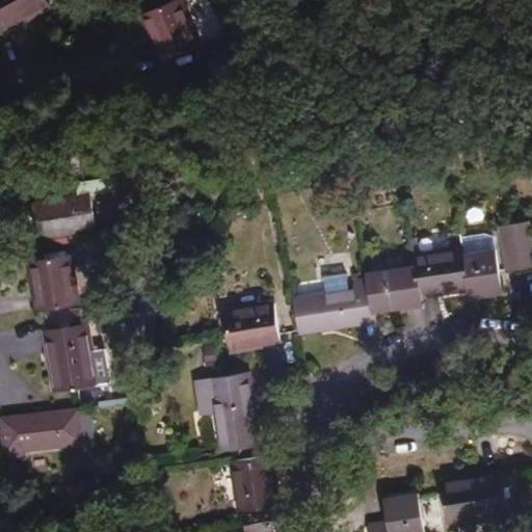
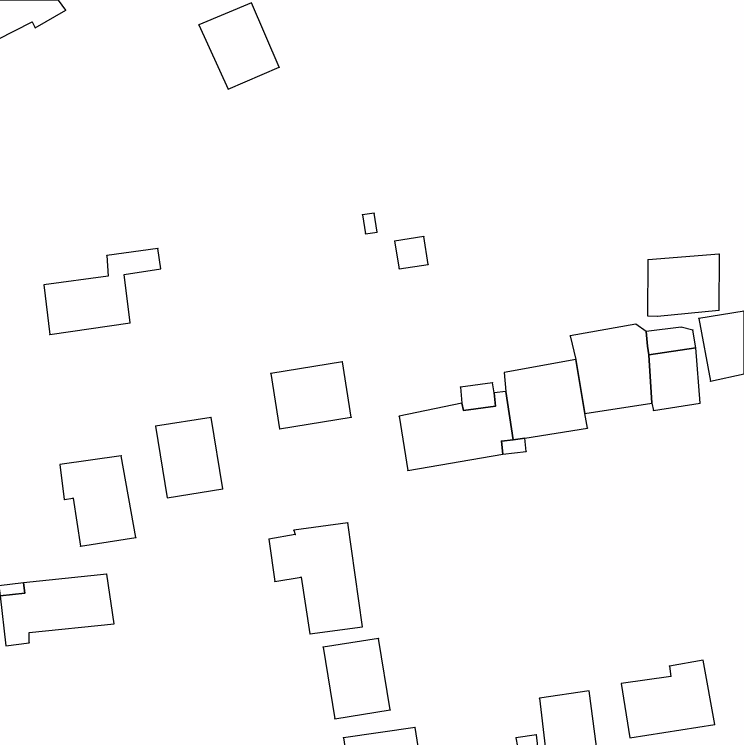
building: none -> [648,254,719,316]
building: [29,255,77,312] -> [156,417,223,498]
building: [222,303,280,351] -> [271,362,351,429]

